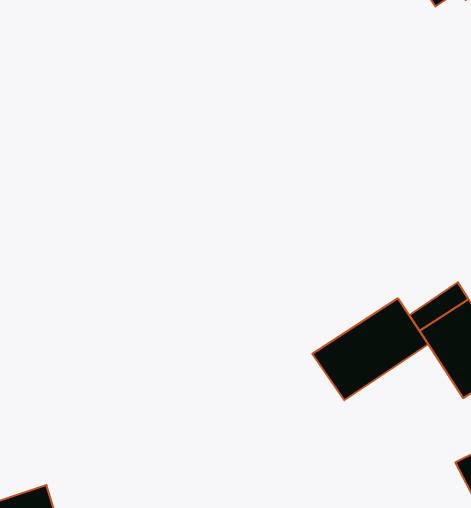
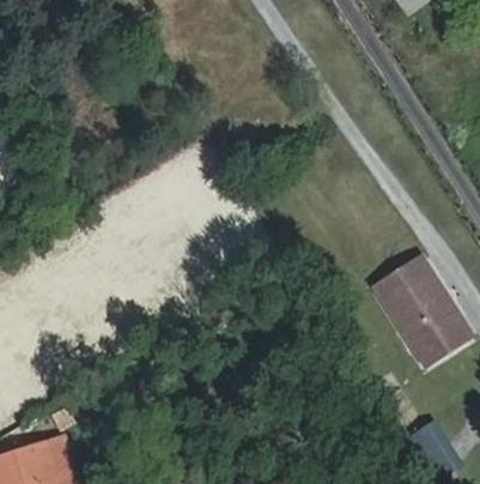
building: [312,298,428,400] -> none

